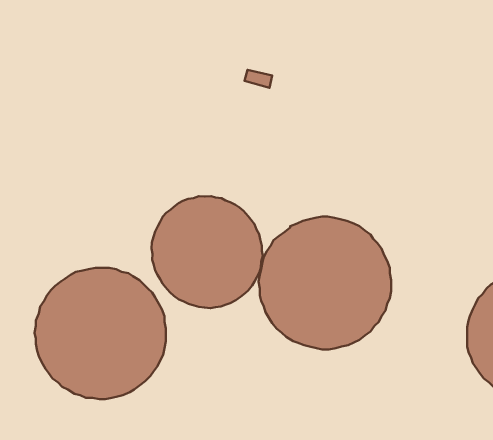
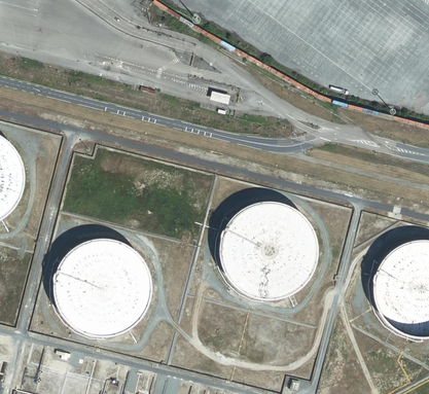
building: [151,196,263,308] -> none

